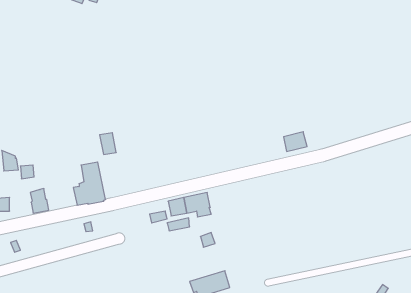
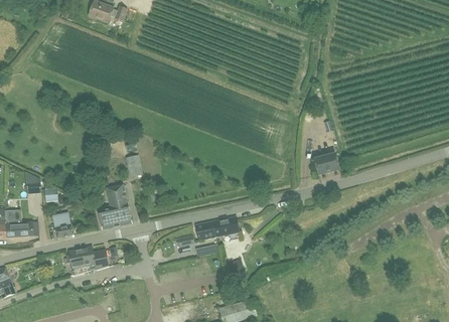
building: none -> [65,246,109,272]

